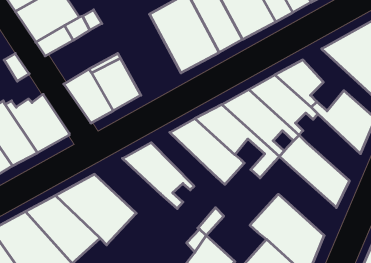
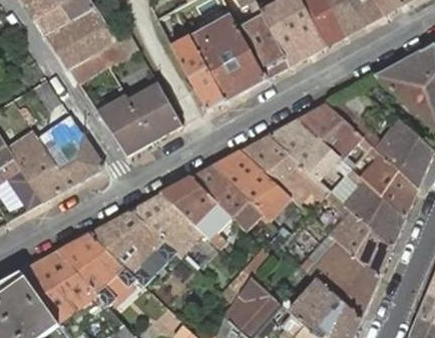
building: none -> [171,38,225,112]
building: none -> [360,145,418,218]
building: none -> [192,165,263,232]
building: none -> [310,192,392,277]
building: none -> [131,194,202,257]

